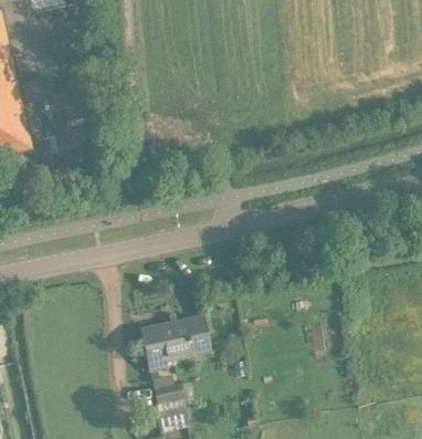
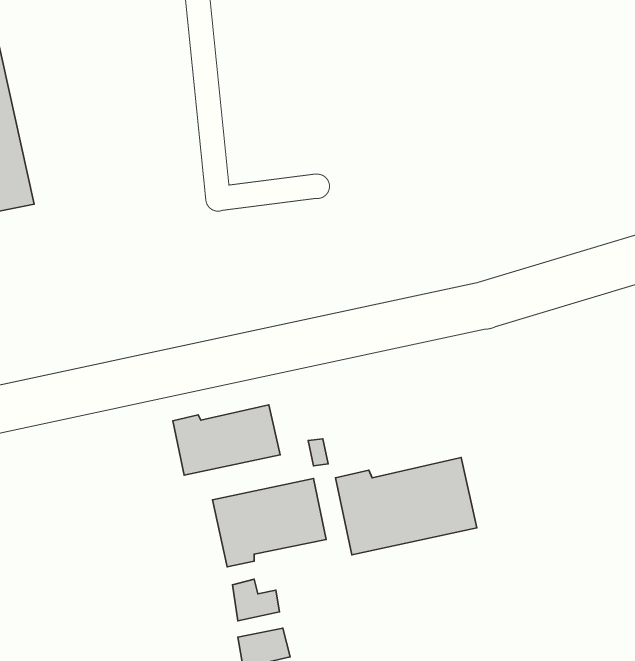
building: none -> [173,405,280,475]
building: none -> [335,458,477,555]

